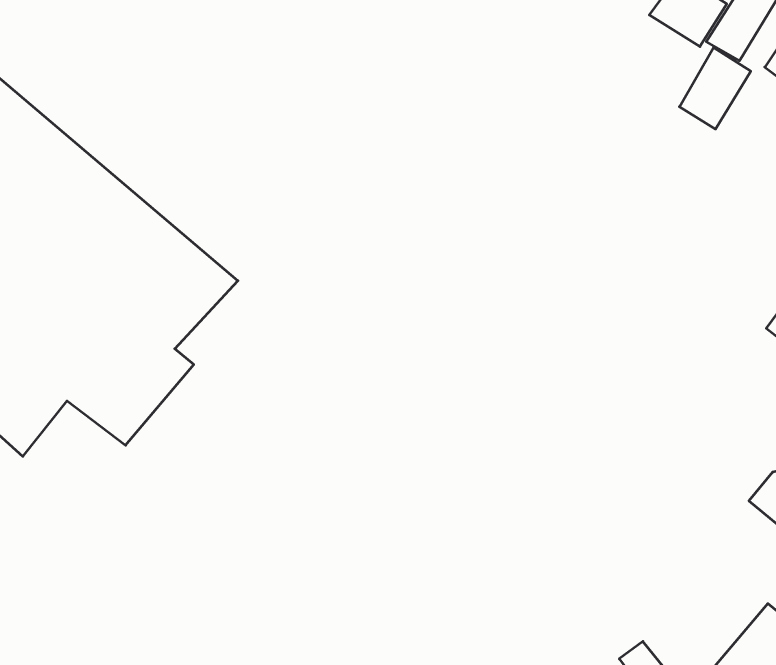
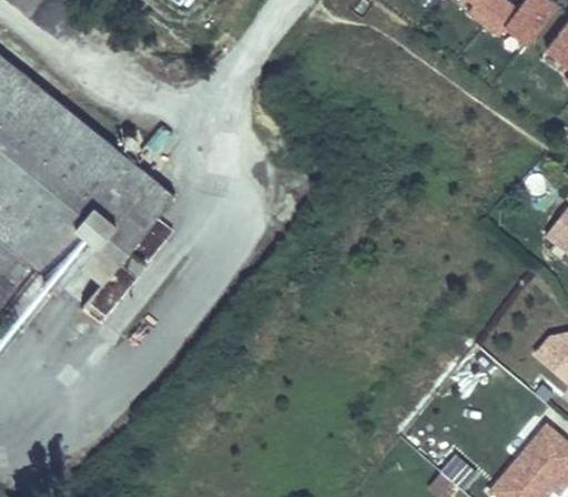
building: [679,47,751,129] -> none

